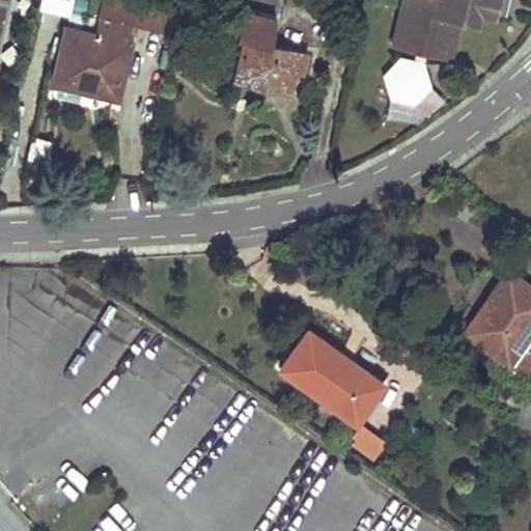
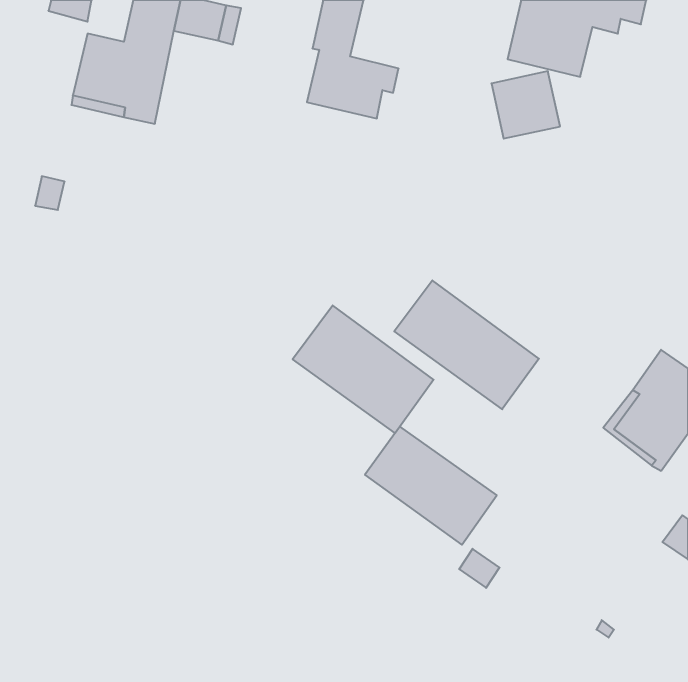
building: none -> [394,280,539,409]
building: none -> [293,305,434,433]

